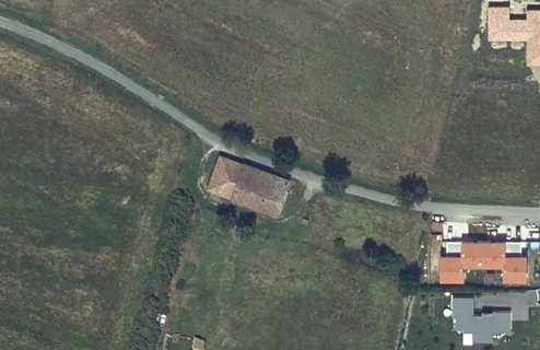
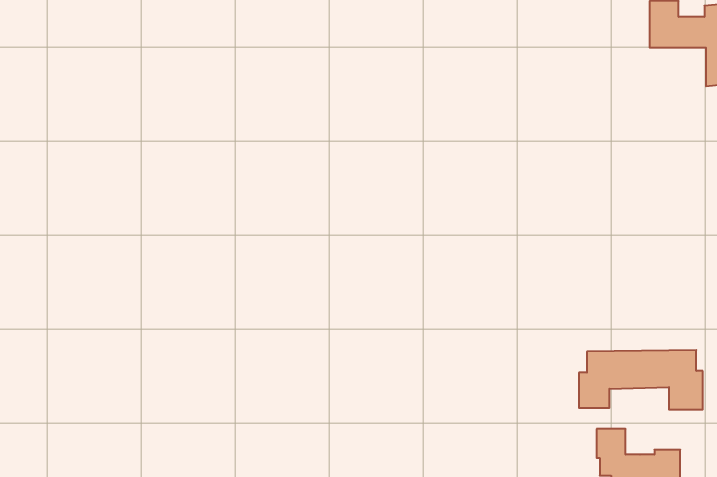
building: [209,156,290,214] -> none

